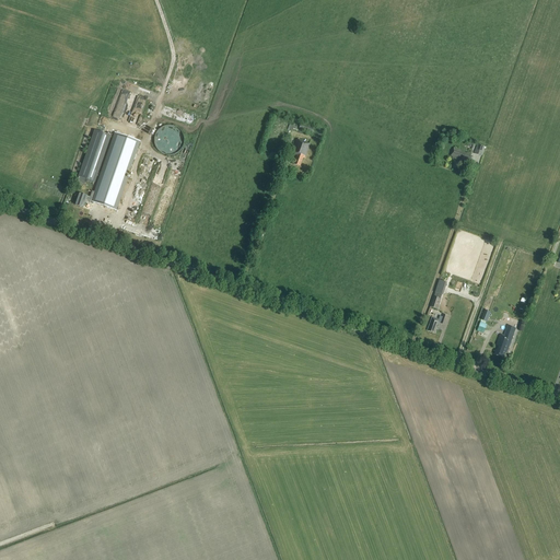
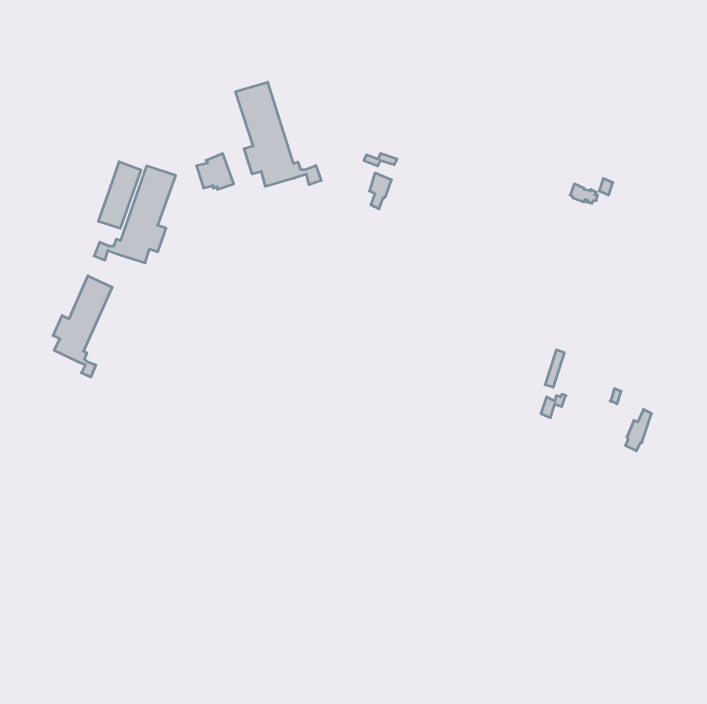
building: none -> [236,82,321,186]
building: none -> [53,276,112,377]

